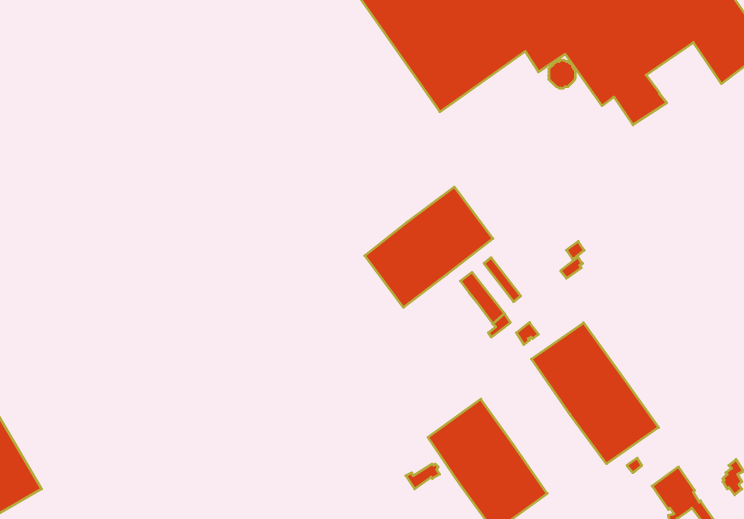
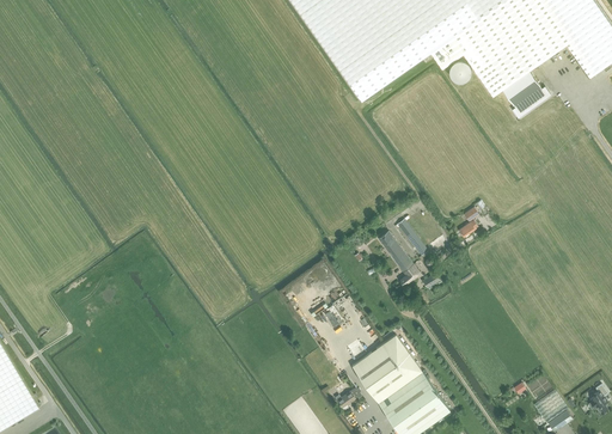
building: [365,187,493,307] -> none
building: [531,323,659,464] -> none

